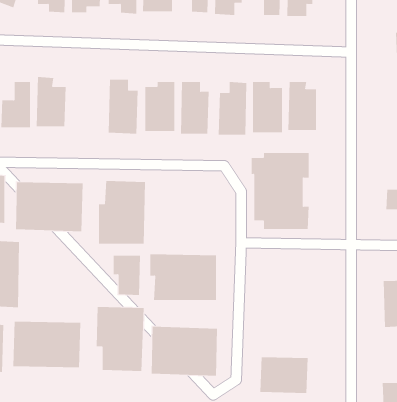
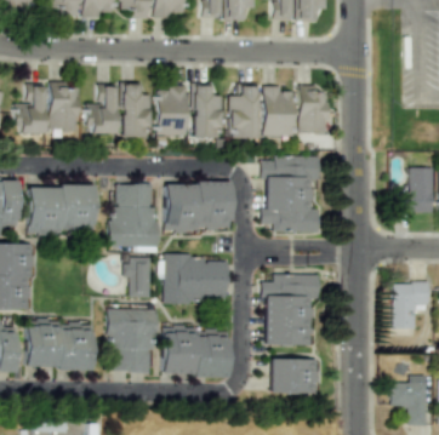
building: none -> [87,85,116,133]
building: none -> [165,182,232,230]
building: none -> [264,274,318,345]

